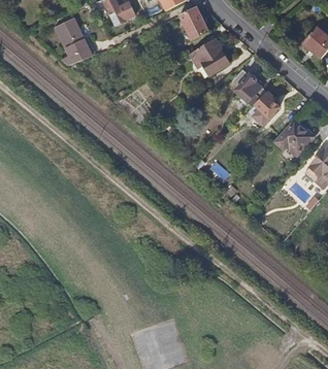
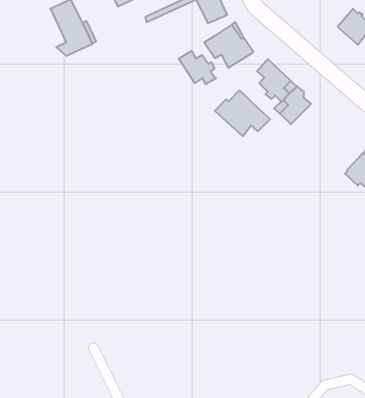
building: none -> [179,51,216,84]
building: none -> [215,90,270,136]
building: [277,122,315,156] -> none

